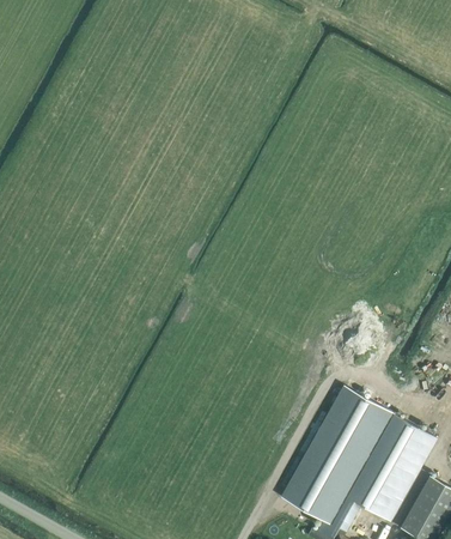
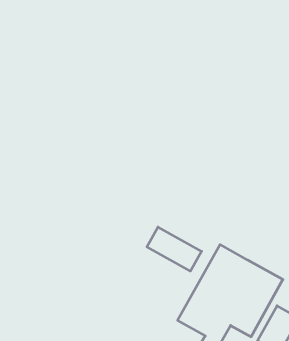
building: none -> [147,227,202,271]

